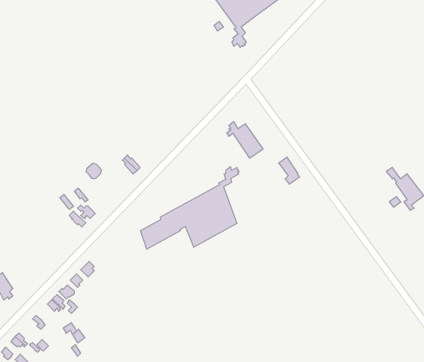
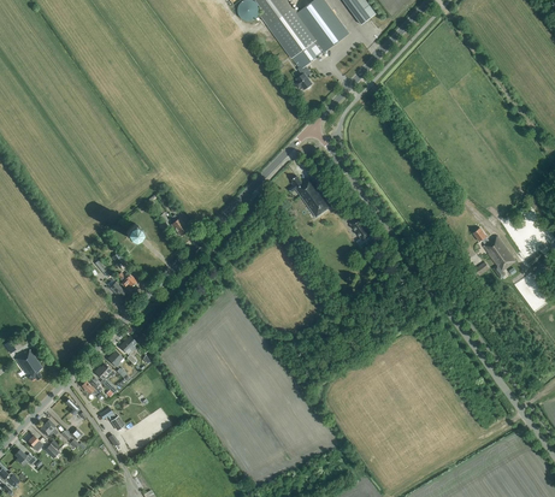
building: [140,167,239,249] -> none

